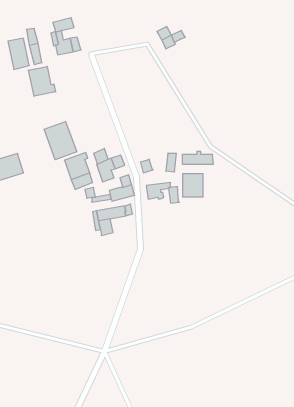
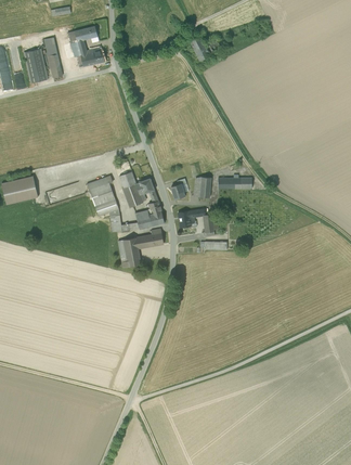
building: [28,66,56,96] -> none
building: [44,121,77,160] -> none
building: [183,174,203,197] -> none

